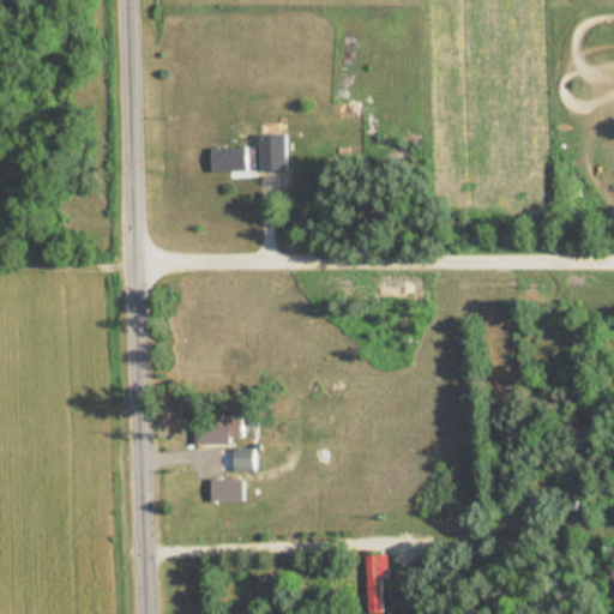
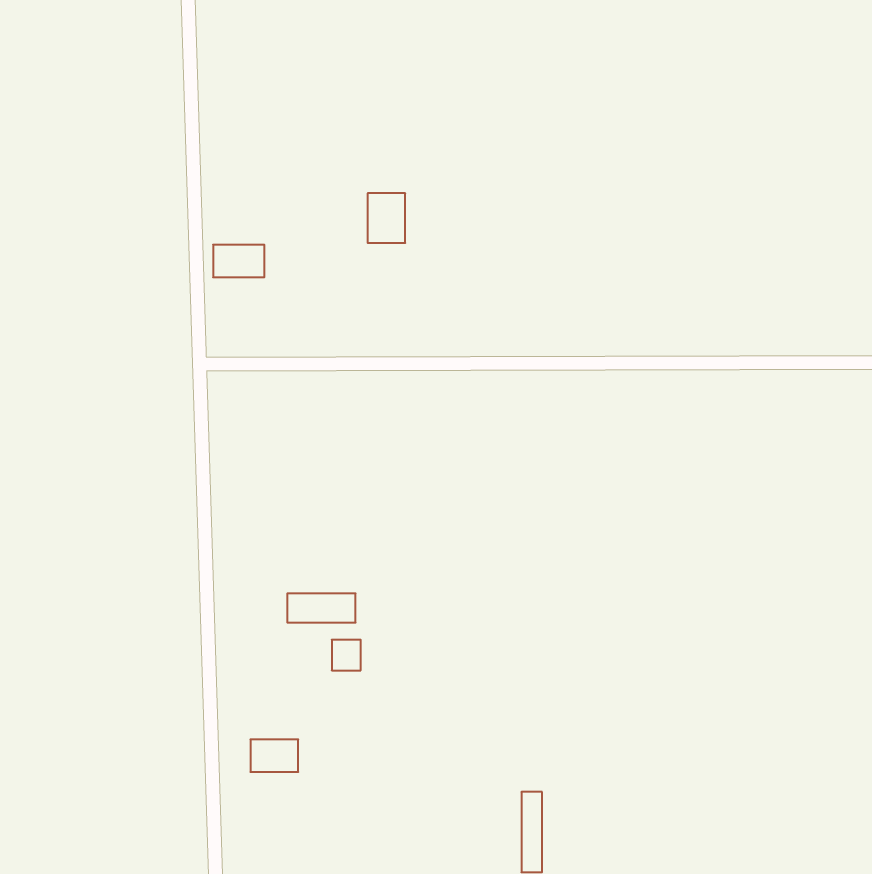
building: [211,149,247,171] -> [213,245,264,277]
building: [211,478,245,501] -> [250,739,298,772]

